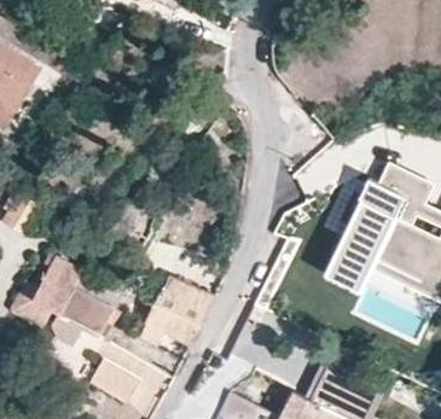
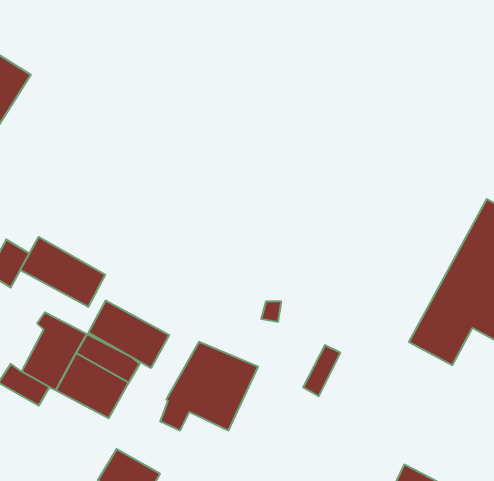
building: none -> [20,237,105,307]
building: none -> [89,300,169,368]

